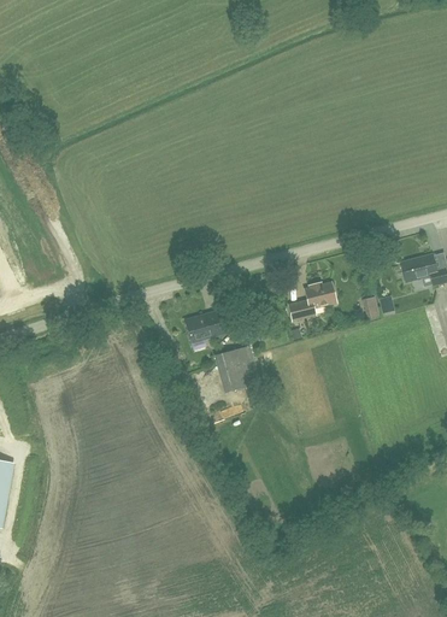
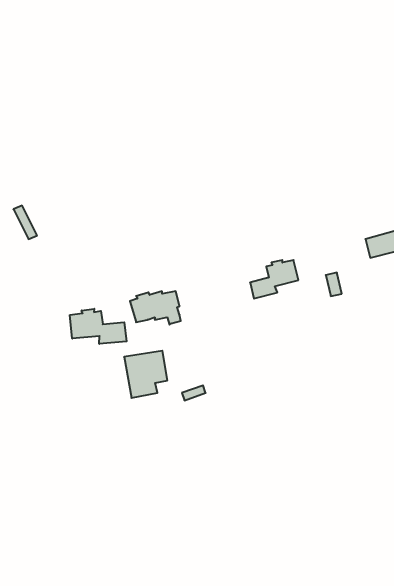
building: none -> [70,309,127,344]
building: [217,346,259,392] -> [124,351,167,398]

